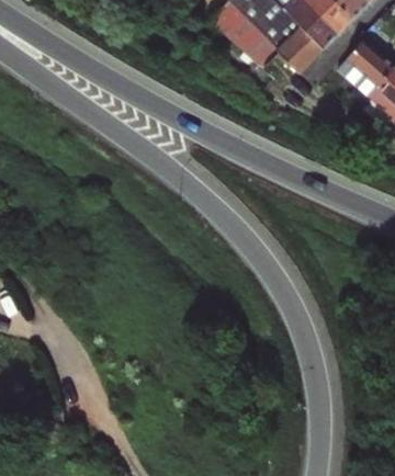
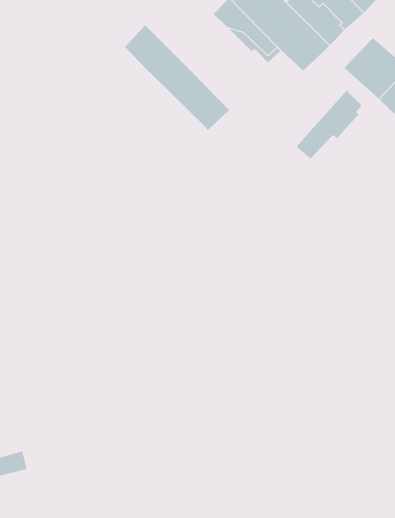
building: none -> [124,25,230,131]
building: none -> [296,90,362,160]

